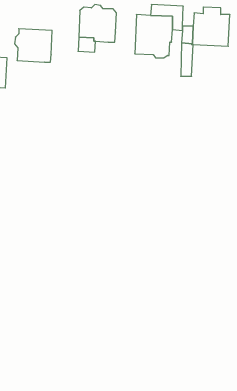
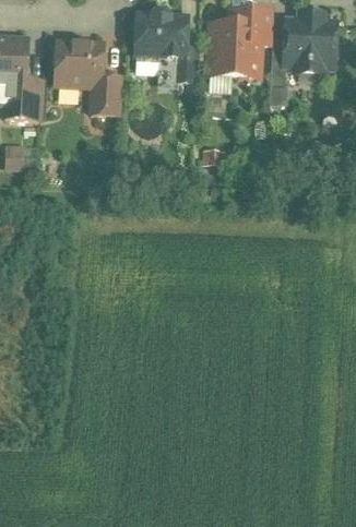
building: none -> [175,45,198,81]
building: none -> [91,74,122,113]

